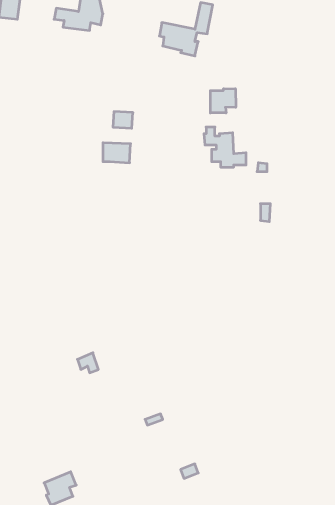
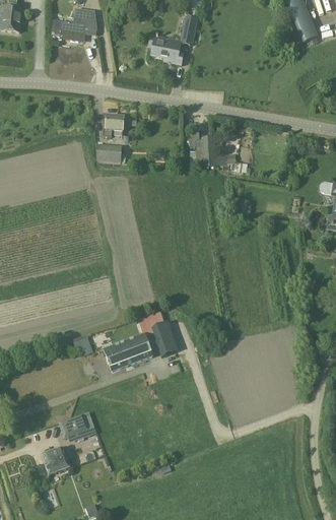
building: [210,89,236,113] -> none
building: none -> [104,312,176,370]
building: none -> [59,413,90,439]

